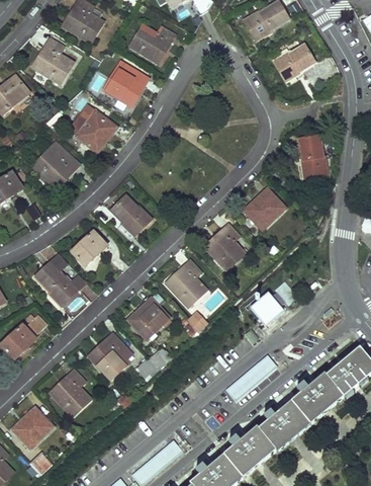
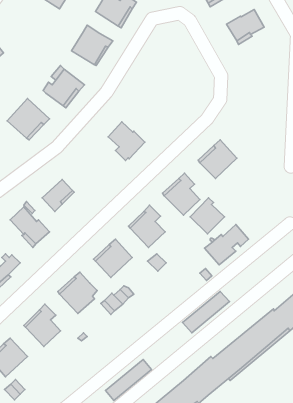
building: [30,38,73,83] -> none
building: [298,136,328,177] -> none
building: [110,194,151,237] -> [108,122,145,161]
building: none -> [190,198,224,234]

